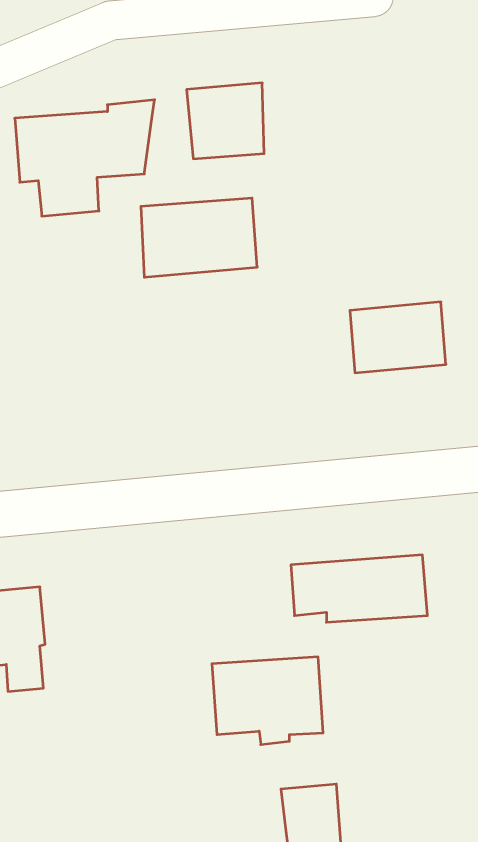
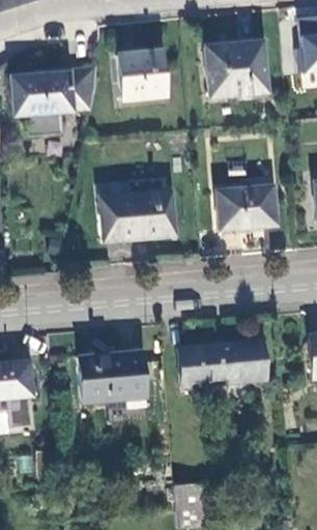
building: none -> [205,43,265,97]
building: [141,198,257,277] -> [99,192,171,240]
building: [212,657,323,745] -> [77,352,145,406]

